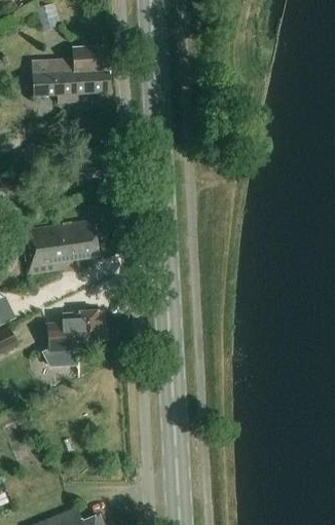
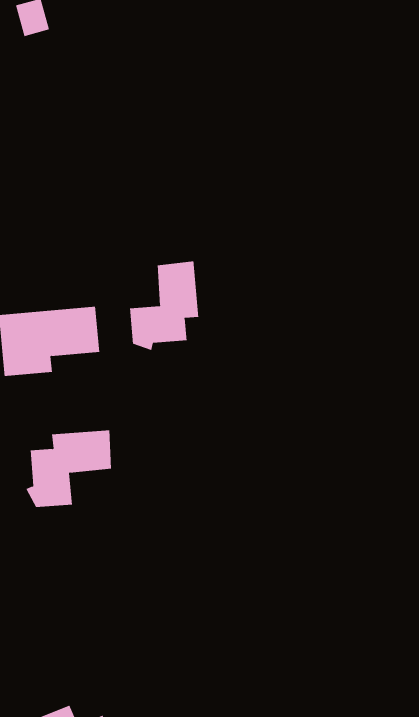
building: [32,48,111,103] -> none
building: none -> [130,260,199,351]

